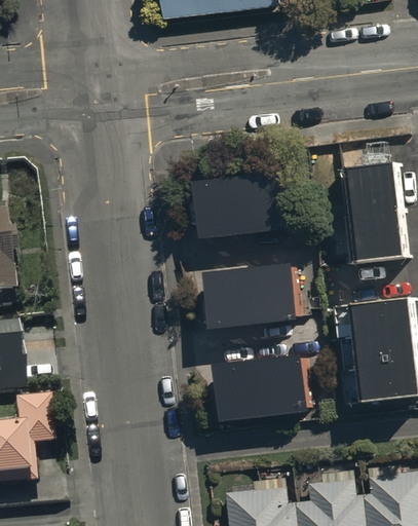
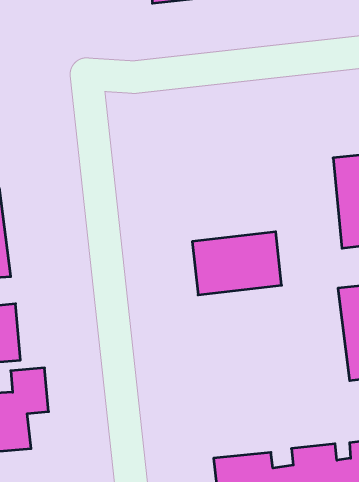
building: [193,165,288,234] -> none
building: [215,349,308,417] -> none

